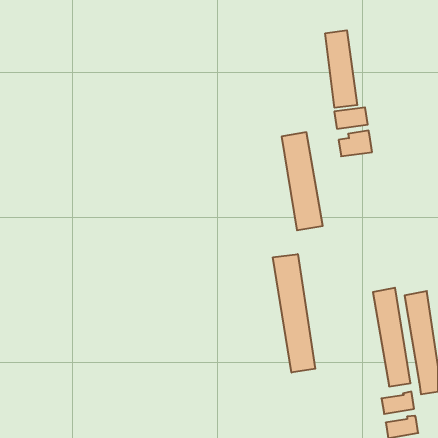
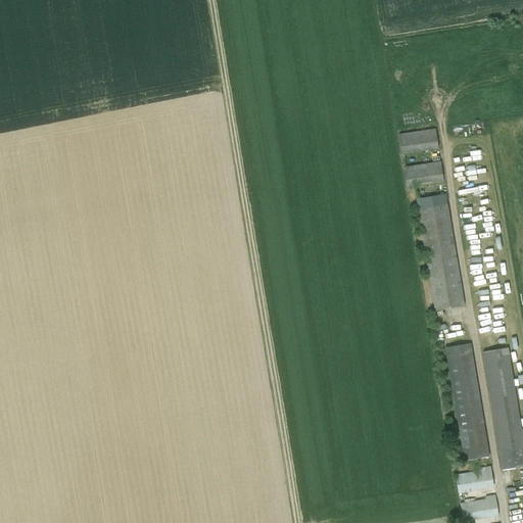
building: [325,30,357,108] -> none
building: [282,132,323,230] -> [416,193,465,310]
building: [273,254,315,373] -> none

